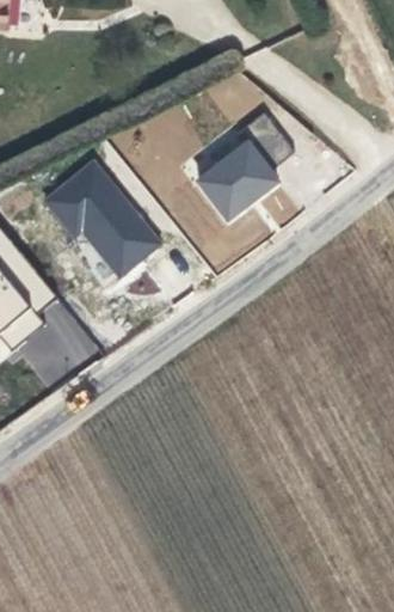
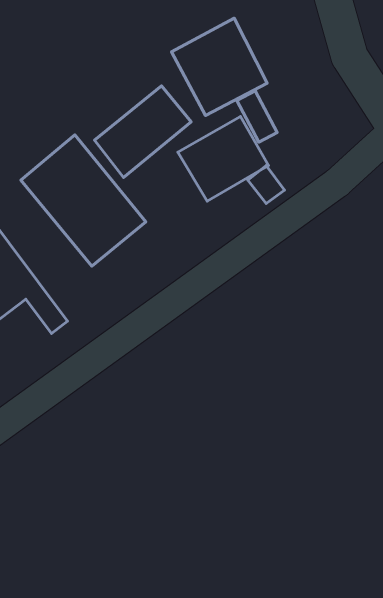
building: none -> [172,18,267,116]
building: none -> [95,86,191,178]

